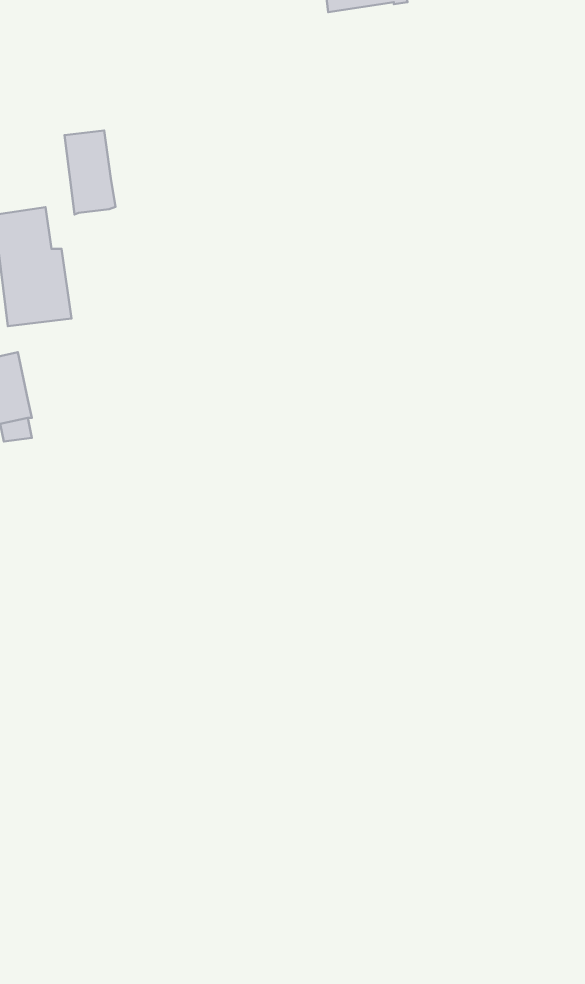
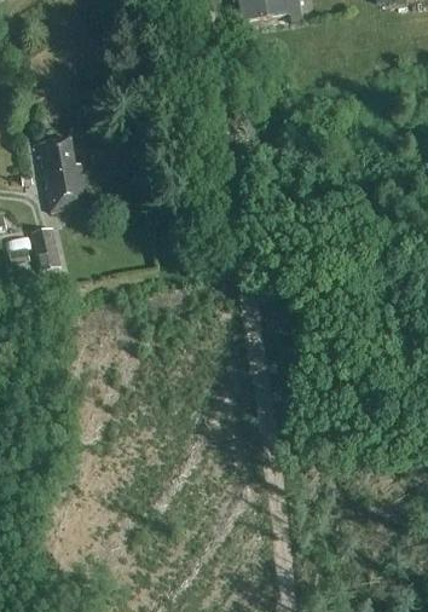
building: [65,131,115,214] -> none

